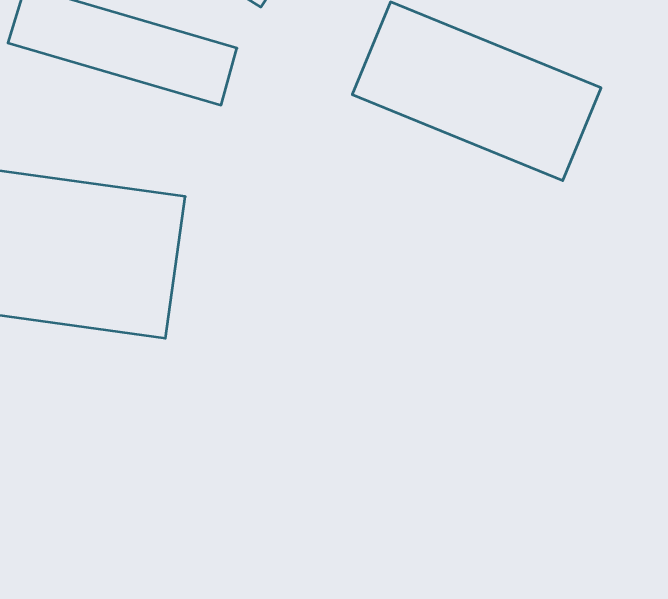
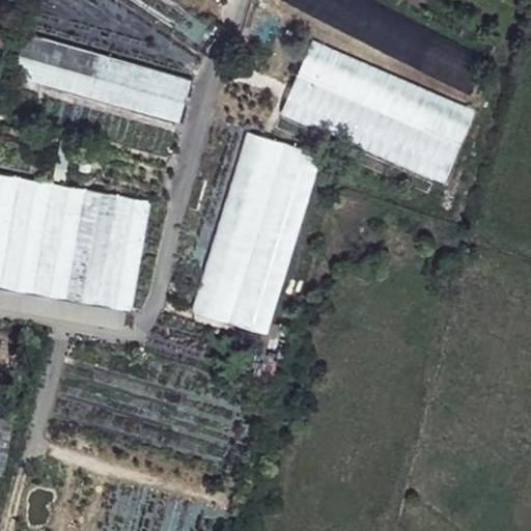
building: none -> [192,133,319,335]

